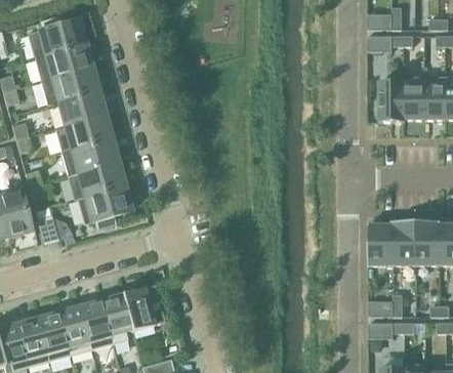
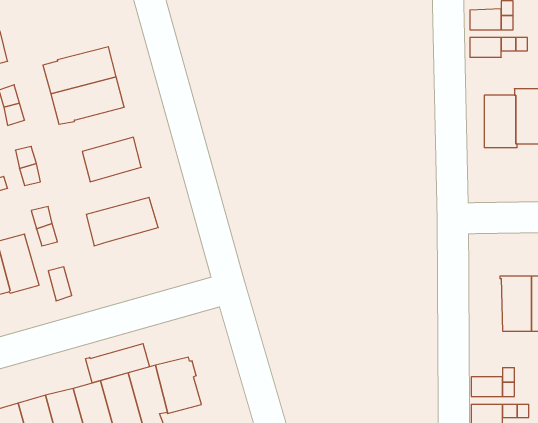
building: [30,15,86,56] -> none
building: [59,90,106,125] -> none
building: [63,137,118,174] -> none
building: [85,184,131,226] -> none
building: [369,224,395,265] -> none
building: none -> [86,344,149,383]

